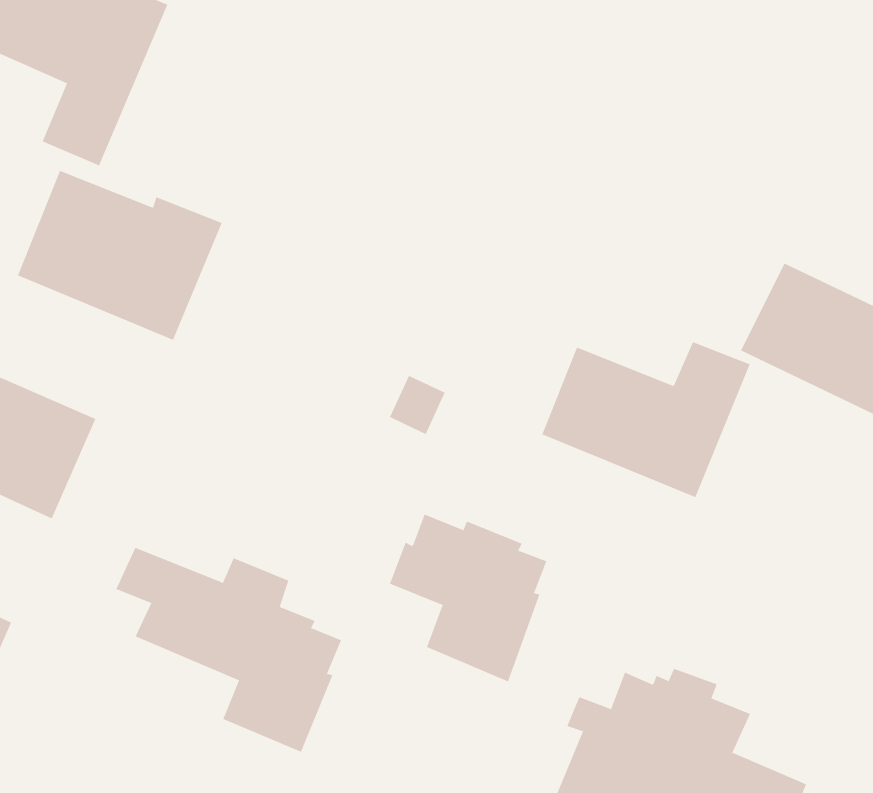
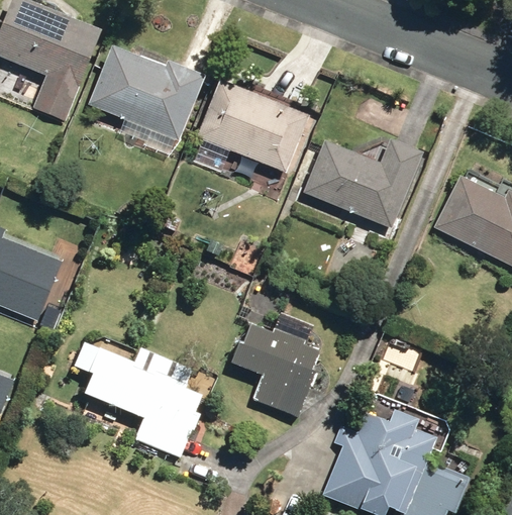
building: none -> [197,79,309,172]
building: [17,170,223,341] -> [88,43,206,141]
building: [541,341,750,498] -> [305,137,425,227]

